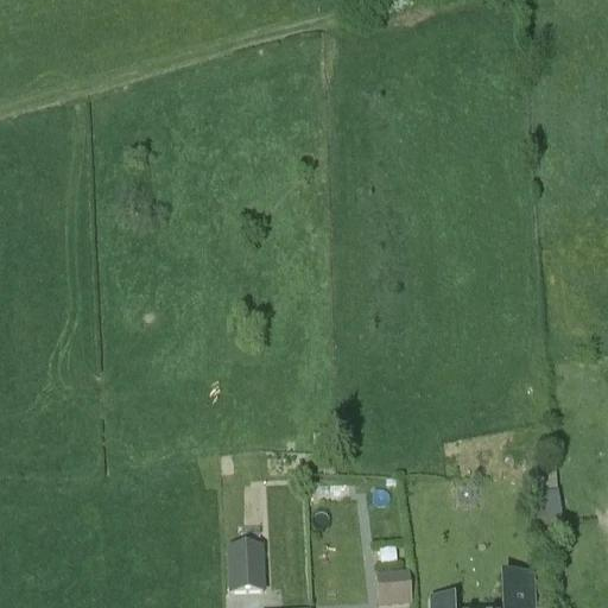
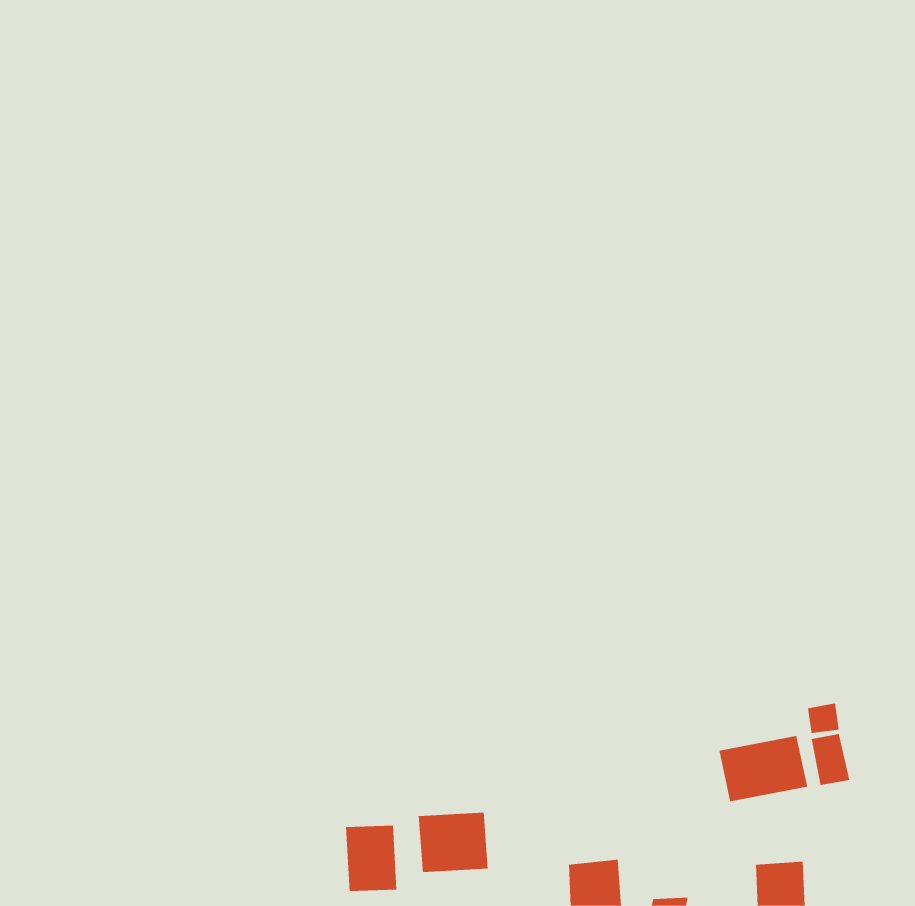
building: none -> [719,735,808,802]
building: none -> [418,812,488,873]

